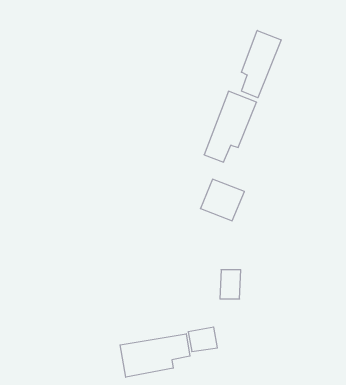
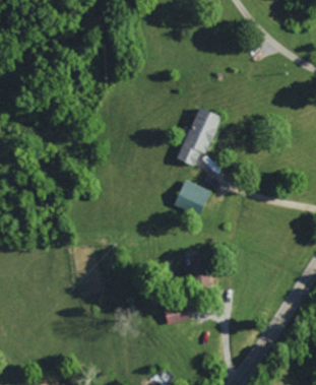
building: [241,30,281,98] -> none
building: [120,334,190,377] -> none

